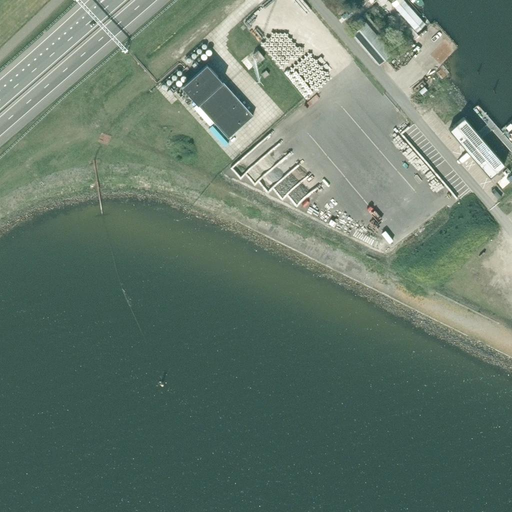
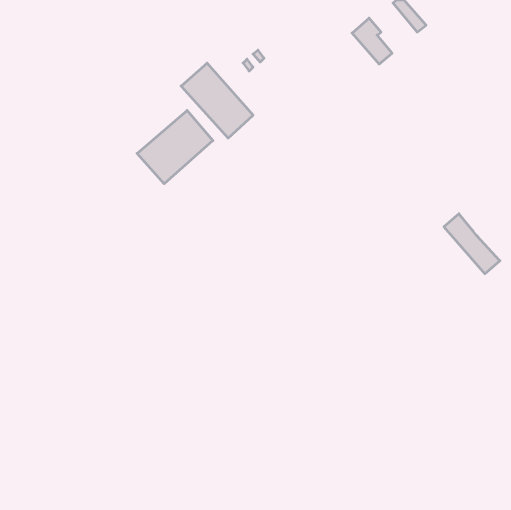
building: none -> [137,110,213,184]
building: [449,118,505,178] -> [444,214,500,274]

